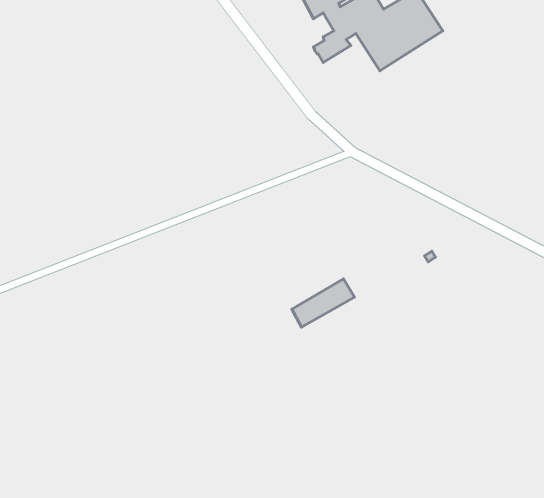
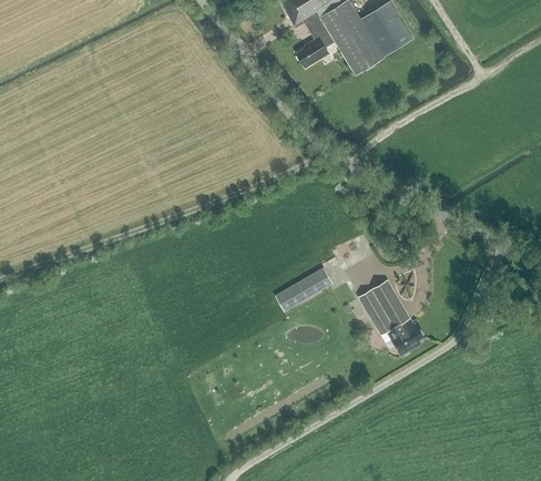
building: none -> [358,279,426,355]

